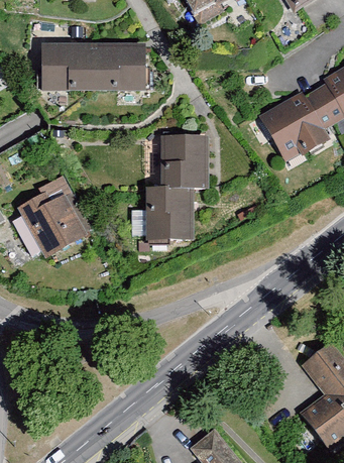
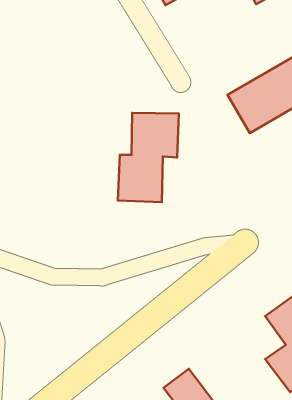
building: [43,43,143,89] -> none
building: [17,189,90,260] -> none

